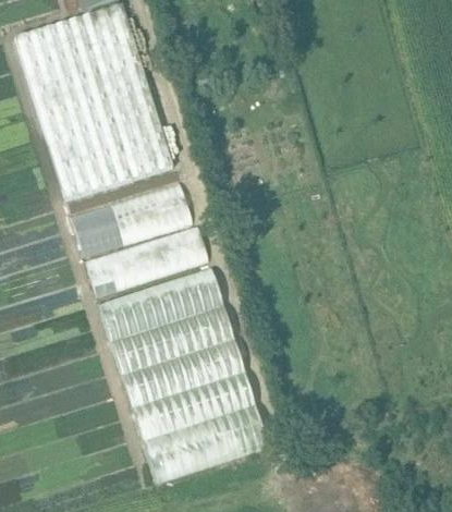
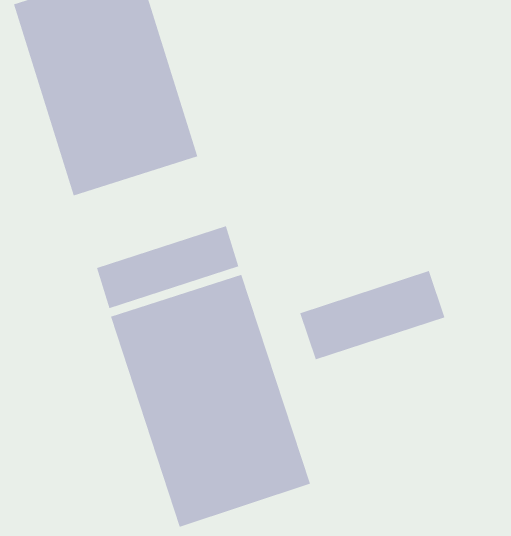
building: [72,182,193,256] -> none
building: none -> [299,270,445,360]

